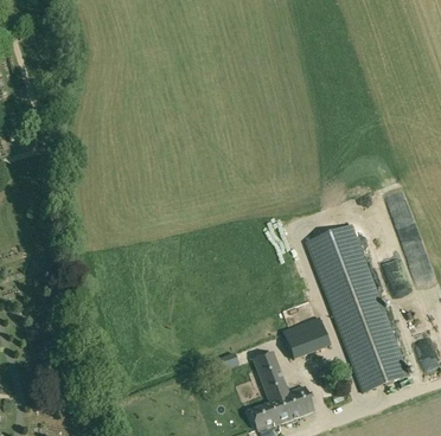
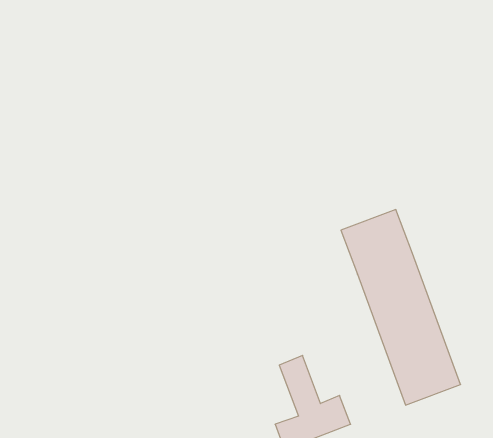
building: [281,315,330,359] -> none

